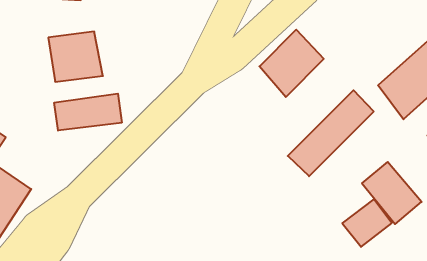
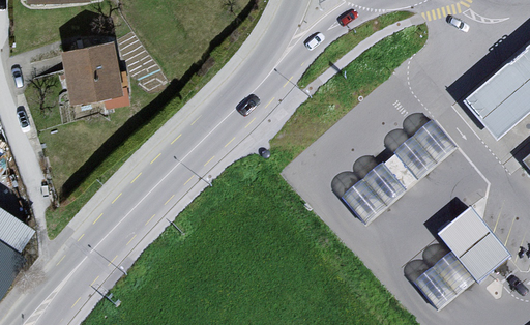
building: [259,30,324,97] -> none
building: [54,94,122,131] -> none

